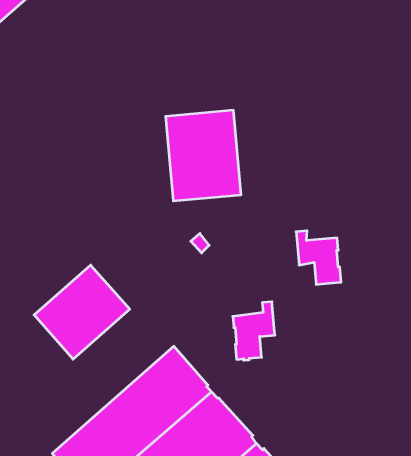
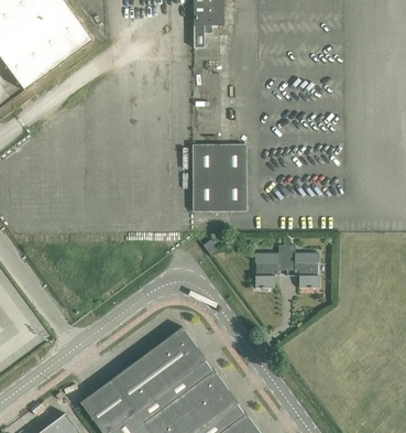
building: [34,265,130,359] -> none
building: [233,302,275,360] -> [254,245,286,289]

